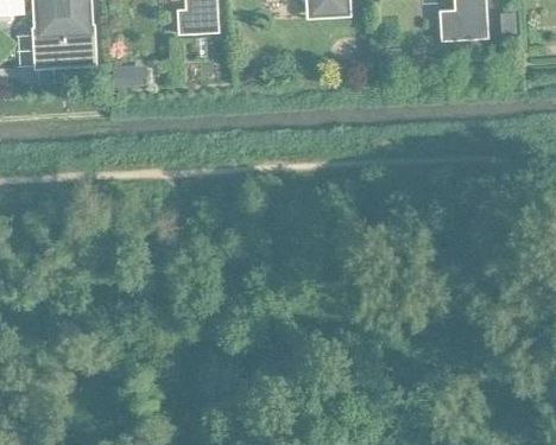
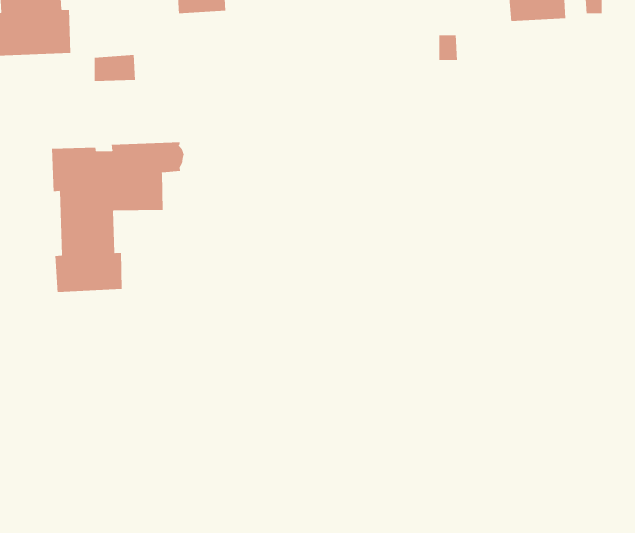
building: none -> [52,142,184,293]

